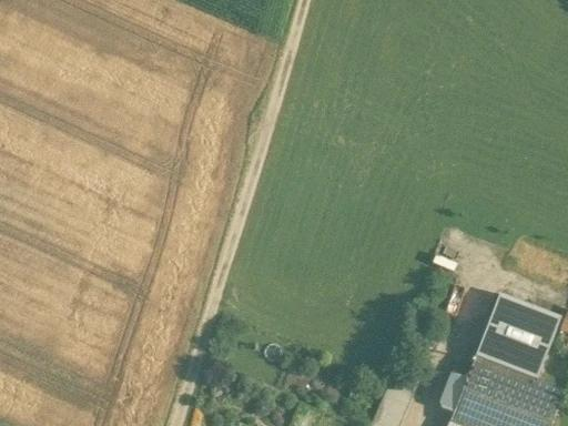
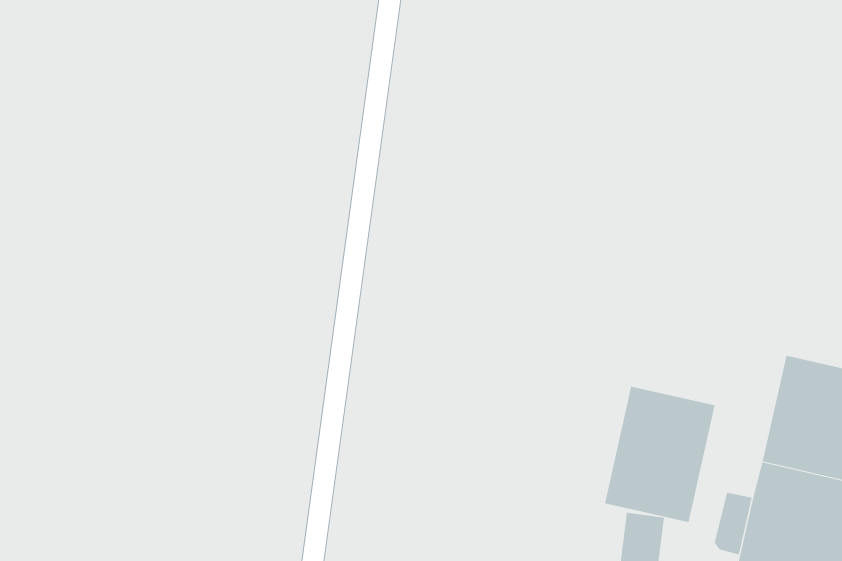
building: none -> [604,386,715,523]

